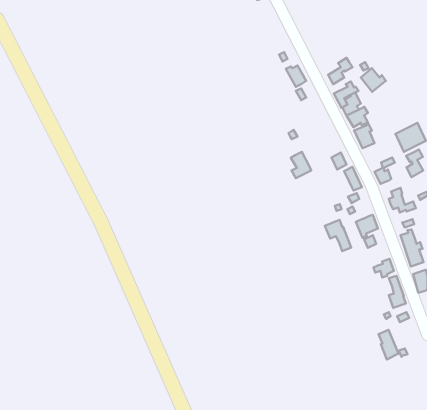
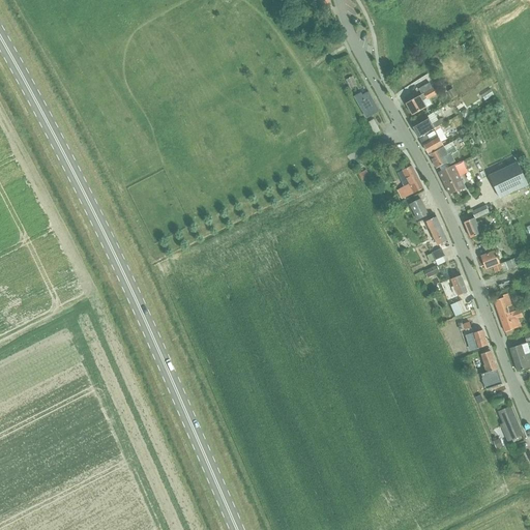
building: [361,68,386,92] -> none
building: [406,150,423,177] -> none
building: [291,152,311,178] -> [398,165,422,197]
building: [325,220,351,251] -> none
building: [378,330,399,360] -> [497,405,522,441]

